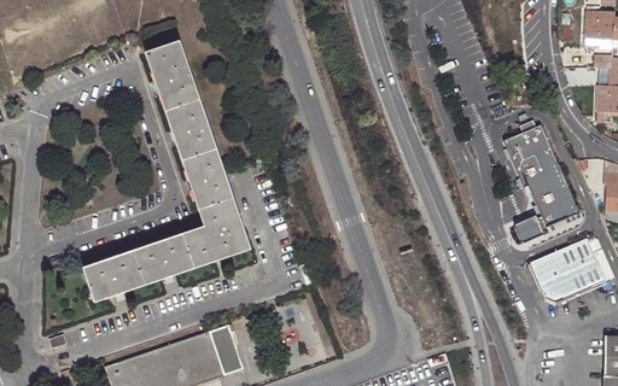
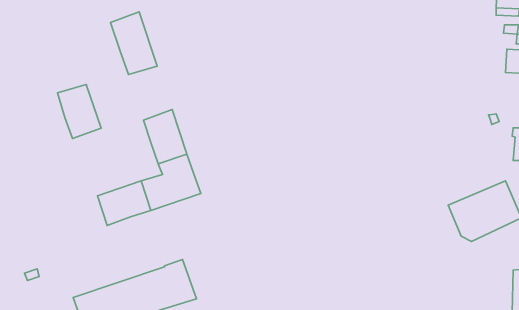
building: [167,104,216,165] -> [57,84,101,139]
building: [503,119,579,244] -> none
building: [83,251,142,302] -> none

